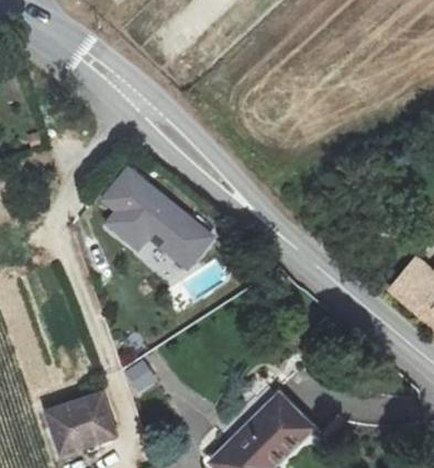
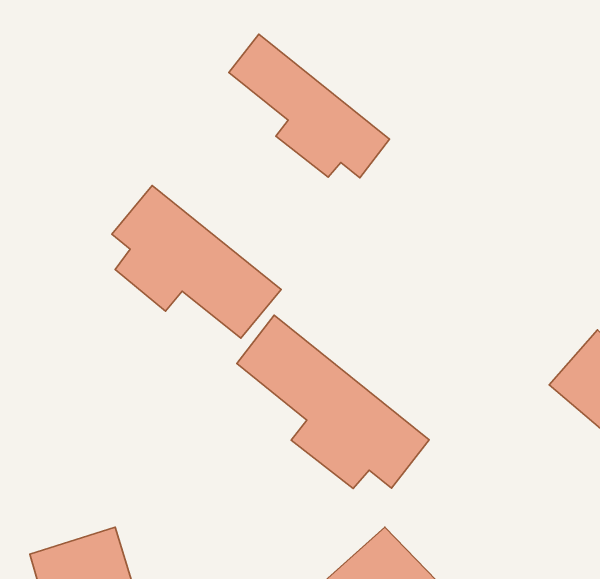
building: none -> [229,34,390,178]
building: none -> [237,315,429,489]

